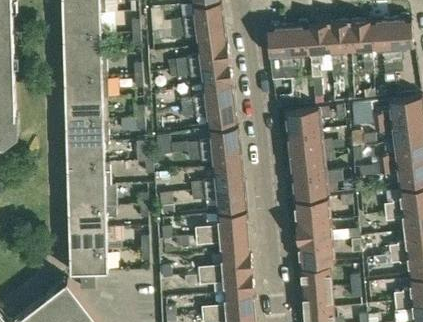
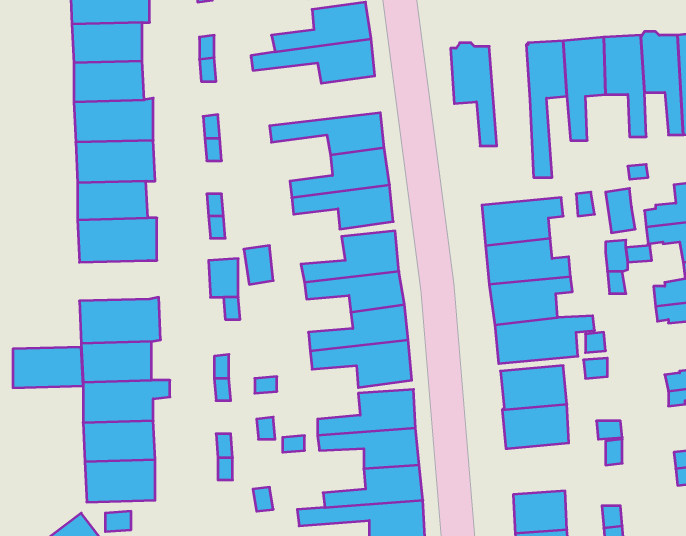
building: [288,22,310,92] -> none
building: [168,42,229,69] -> none
building: [66,142,104,164] -> [13,347,83,388]
building: [298,241,333,265] -> none

